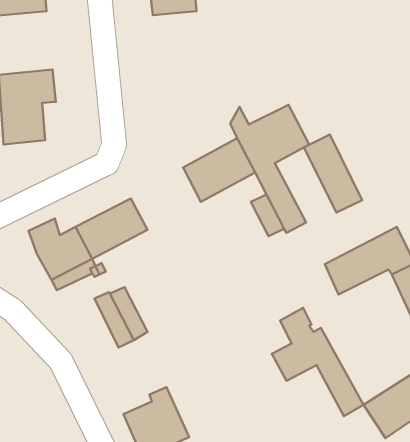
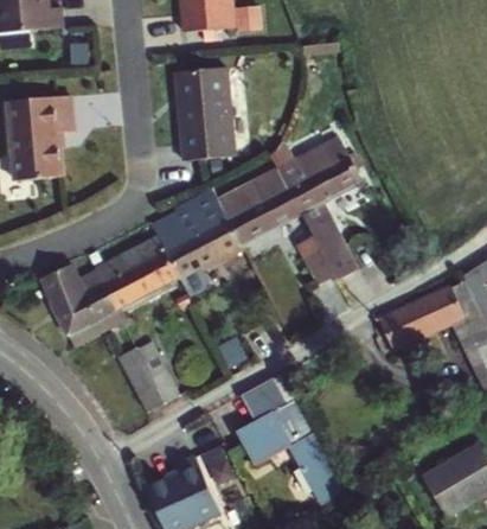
building: none -> [177,70,233,162]
building: [304,134,362,212] -> none
building: none -> [150,190,238,293]
building: [272,308,364,416] -> [241,381,345,504]

